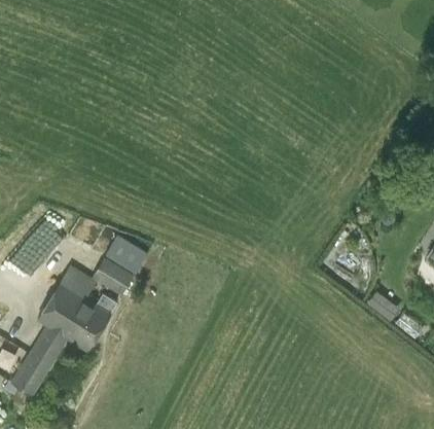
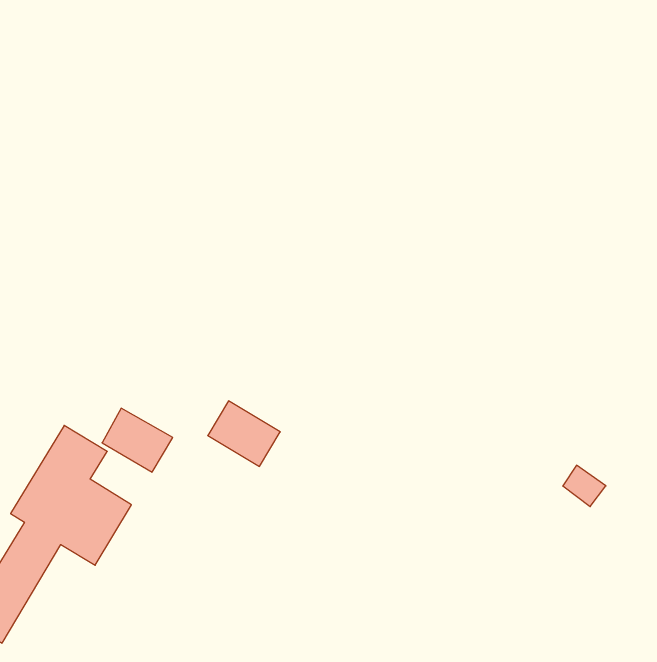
building: [105,236,148,275] -> [208,401,280,466]

